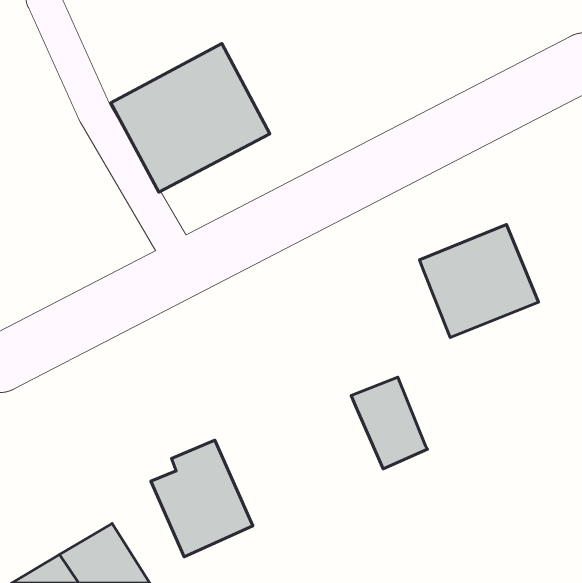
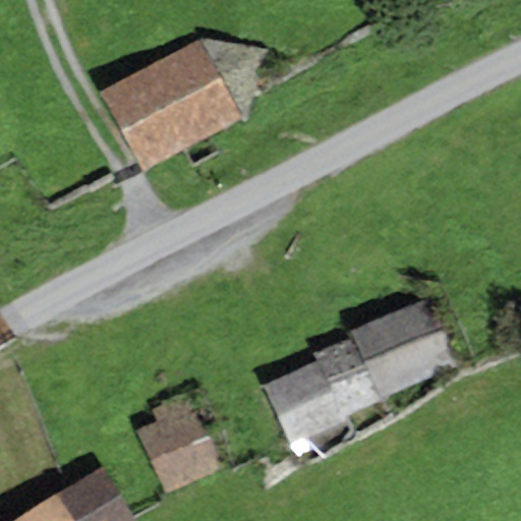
building: [419,224,538,338] -> [353,296,459,397]
building: none -> [265,361,346,445]

